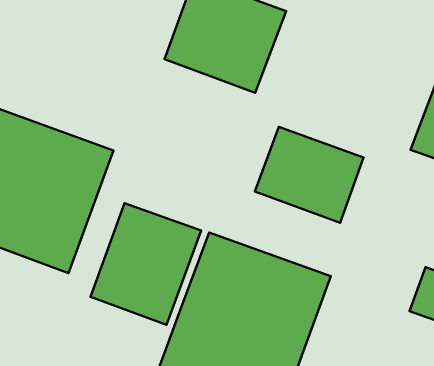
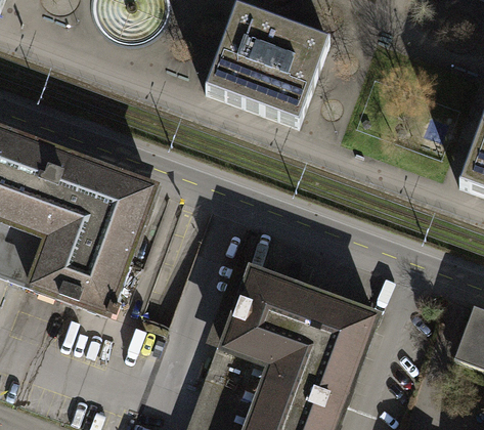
building: [255,127,364,223] -> none
building: [91,203,201,325] -> none

